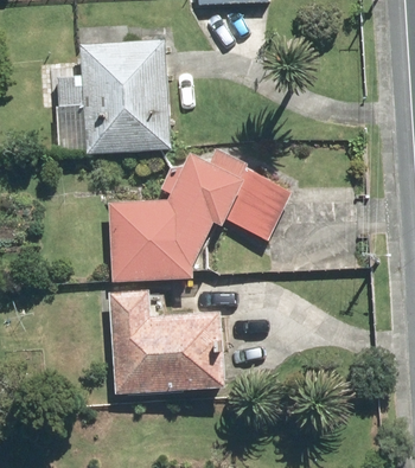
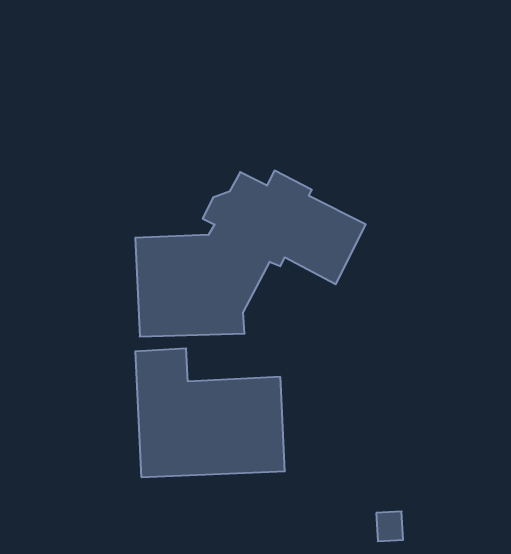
building: [53,40,172,153] -> none

